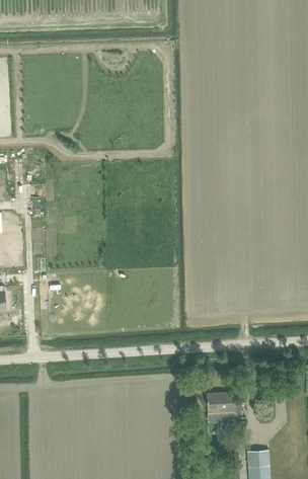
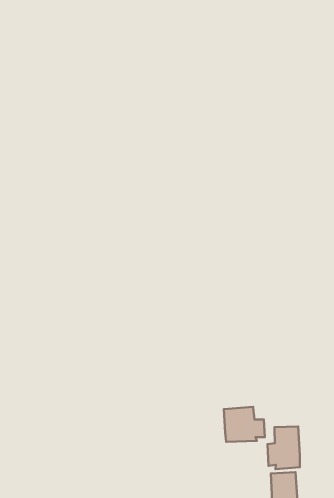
building: none -> [267,427,300,469]

